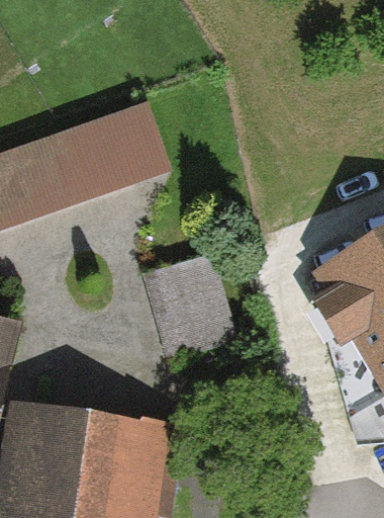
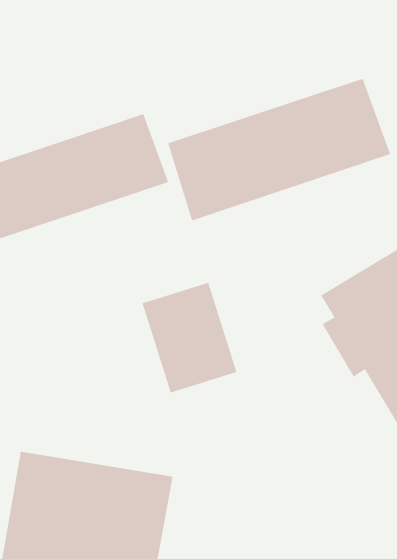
building: none -> [167,78,391,221]

